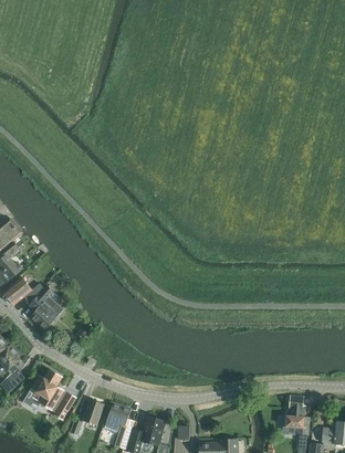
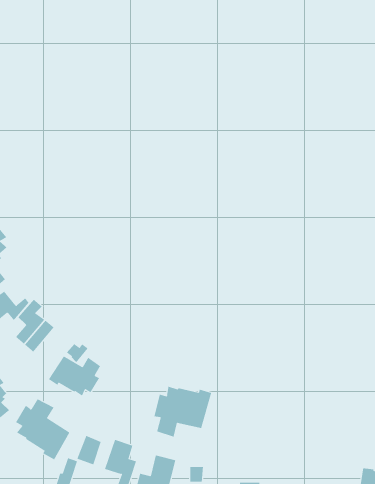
building: none -> [48,356,101,397]
building: none -> [154,386,212,438]
building: [284,396,309,435] -> none

